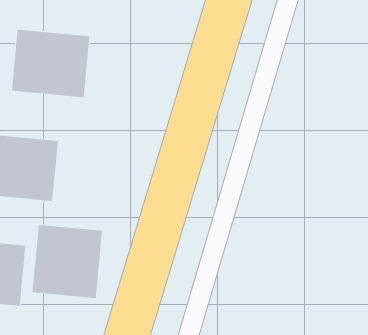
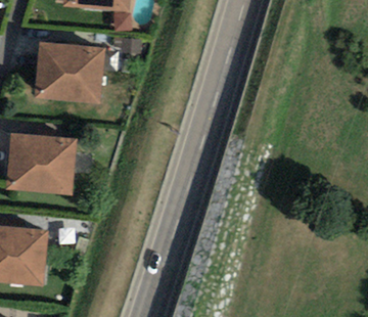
building: [32,224,103,299] -> none

